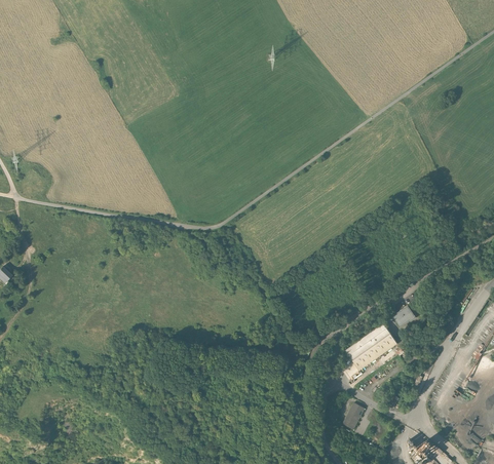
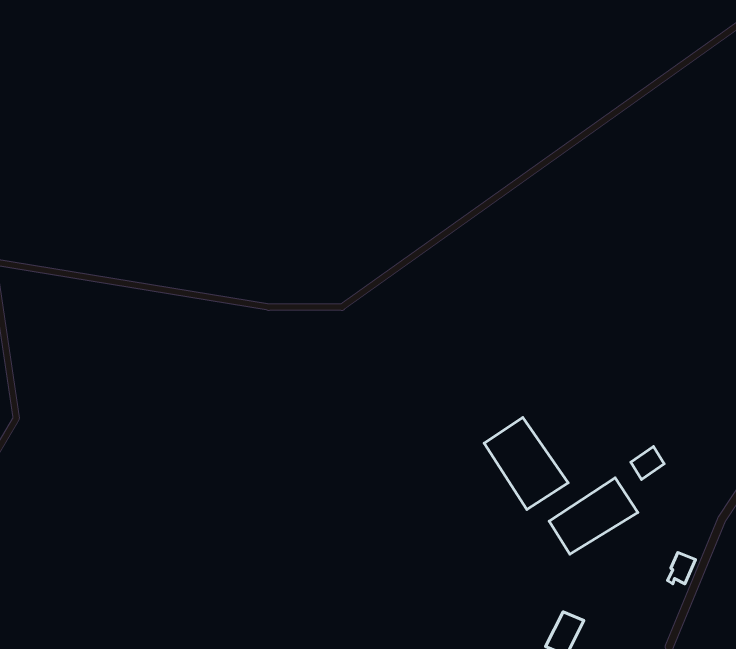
building: none -> [484,418,568,510]

